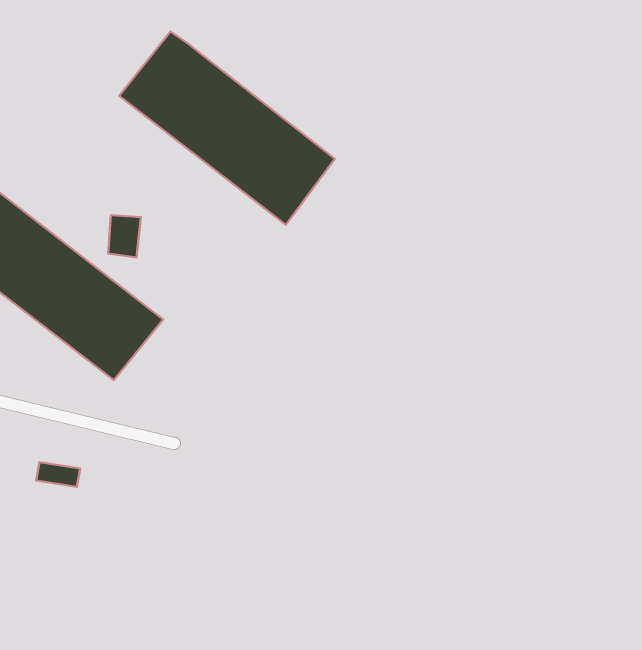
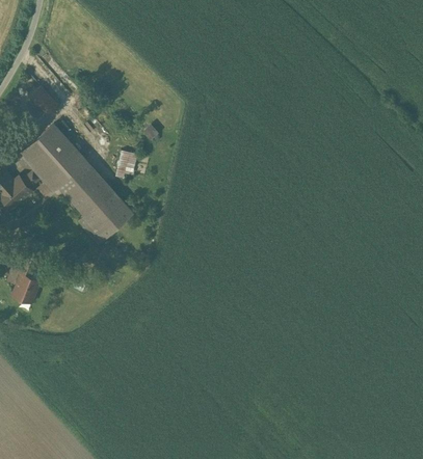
building: [119,32,335,225] -> none

